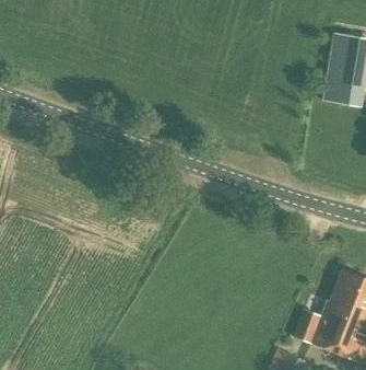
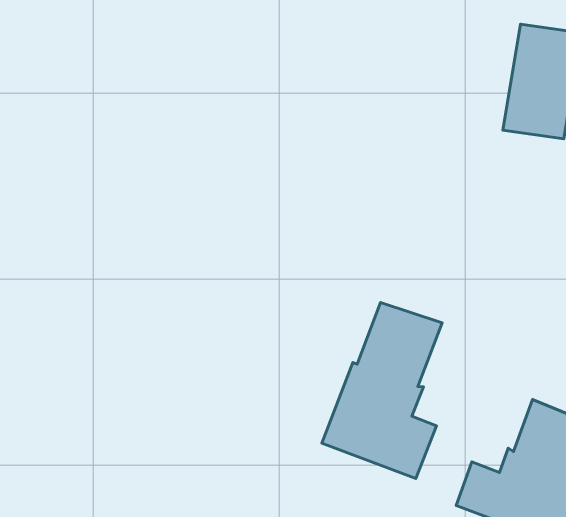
building: none -> [322,302,442,479]

